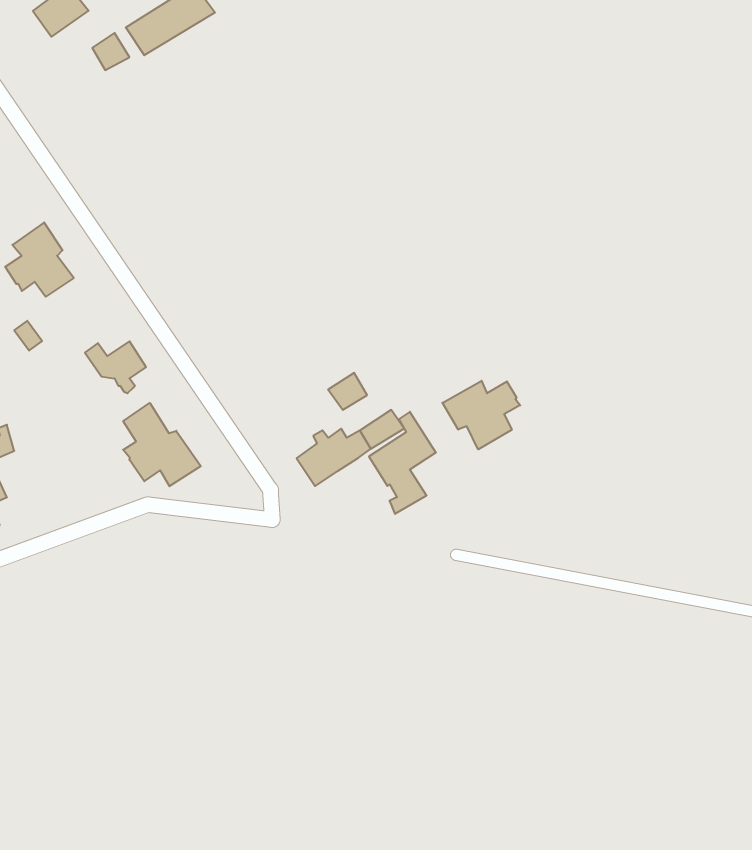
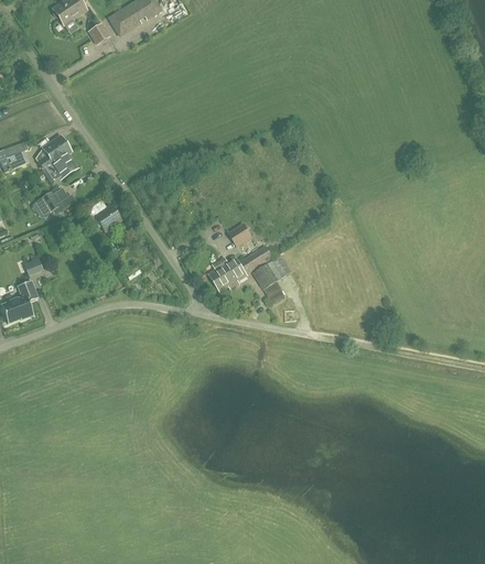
building: [442,381,520,449] -> none
building: [123,403,201,486] -> none

